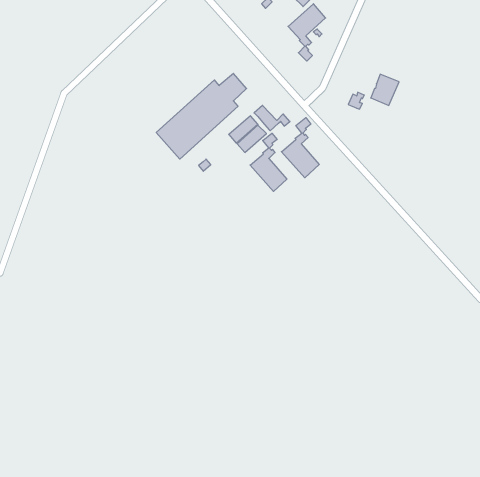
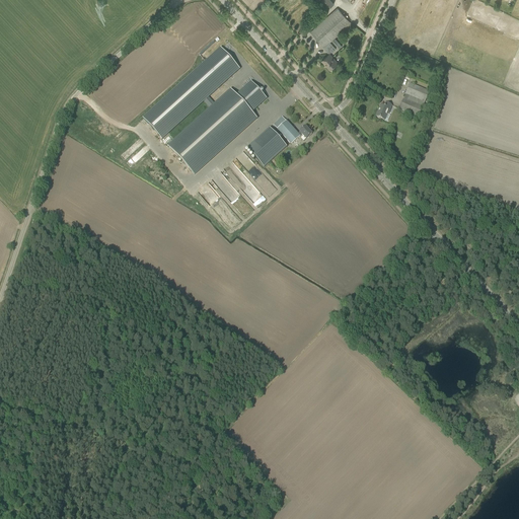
building: none -> [144,46,240,136]
building: [281,118,319,178] -> none
building: [250,133,287,191] -> none

